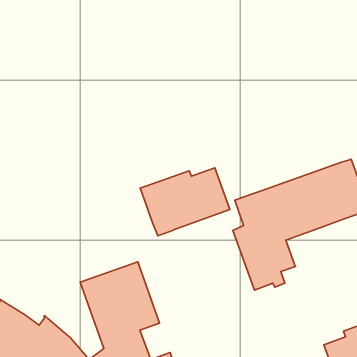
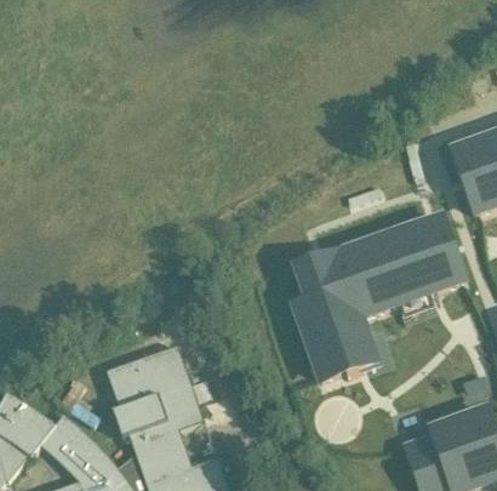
building: [140,168,230,236] -> none

